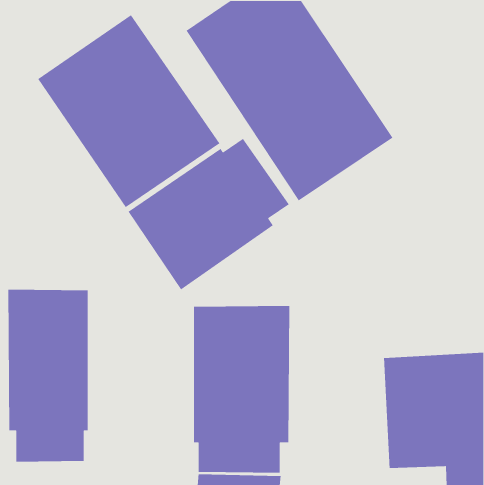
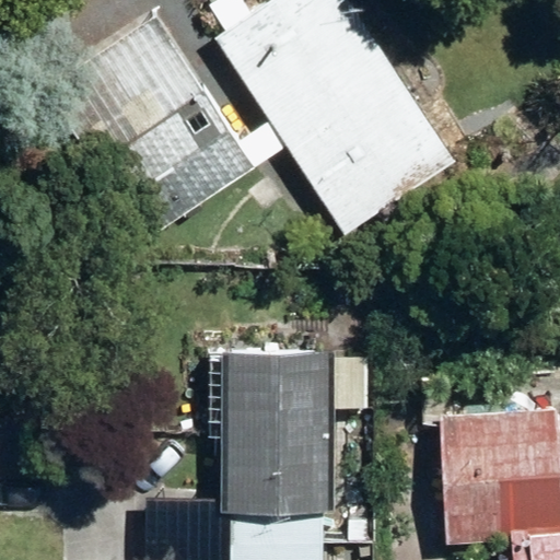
building: [128,138,290,290] -> none
building: [8,289,89,463] -> none

